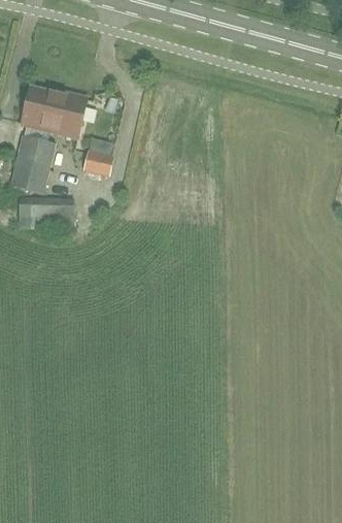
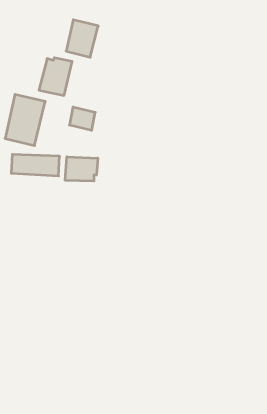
building: [22,85,59,128] -> [66,20,98,57]
building: none -> [65,157,98,181]

